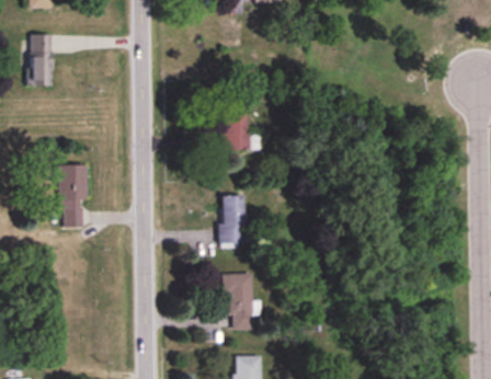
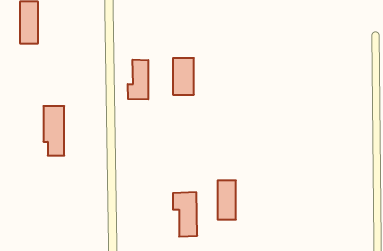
building: none -> [128,60,148,99]
building: [220,196,243,245] -> [218,180,236,220]

